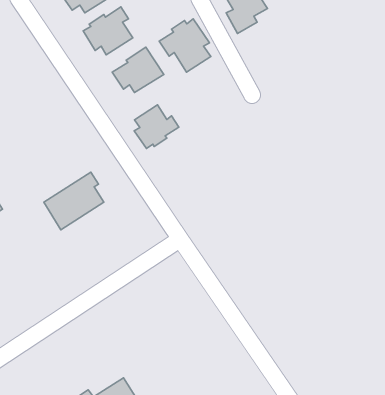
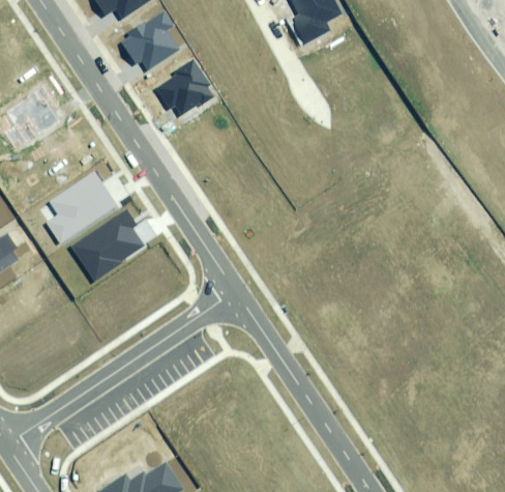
building: [159,19,211,72] -> none
building: [134,105,179,149] -> none
building: none -> [48,171,117,241]

